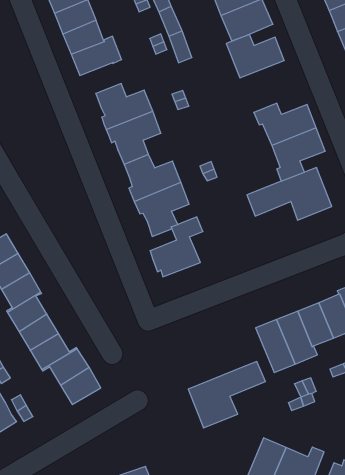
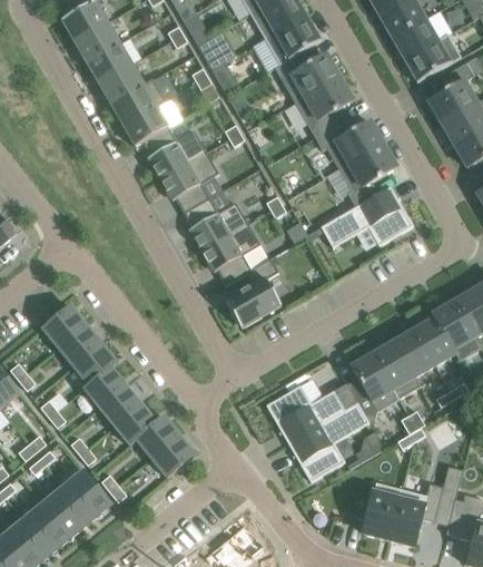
building: none -> [295,77,353,137]
building: none -> [124,106,169,146]
building: none -> [266,384,345,442]

